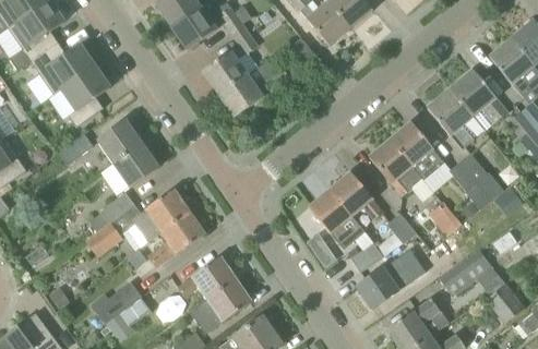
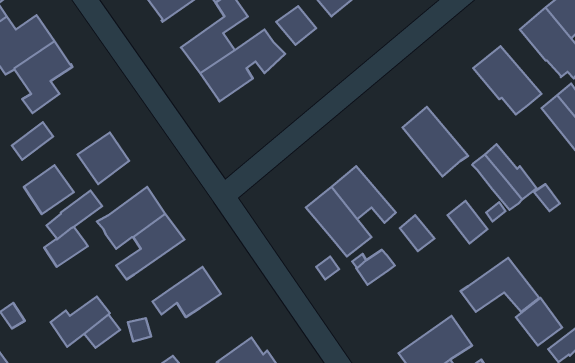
building: [427,88,474,148] -> none
building: [99,120,142,161] -> [24,165,74,214]
building: [369,139,422,195] -> none
building: [357,249,426,308] -> none
building: [192,279,251,333] -> none

